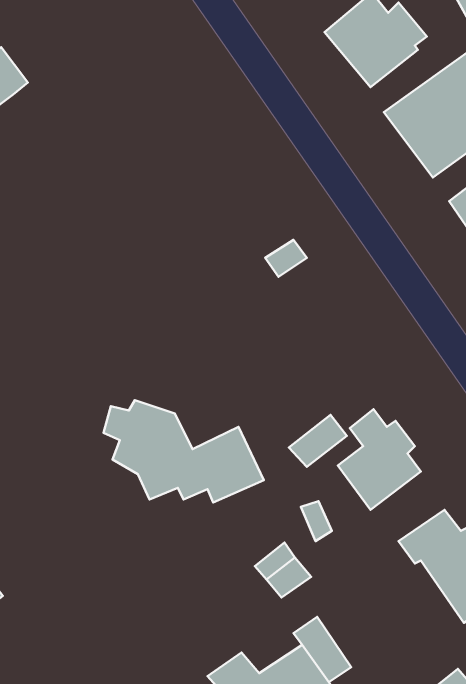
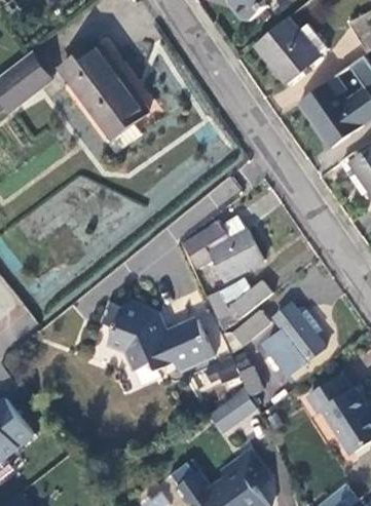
building: none -> [60,39,145,151]
building: none -> [183,218,265,282]
building: none -> [208,284,270,330]

